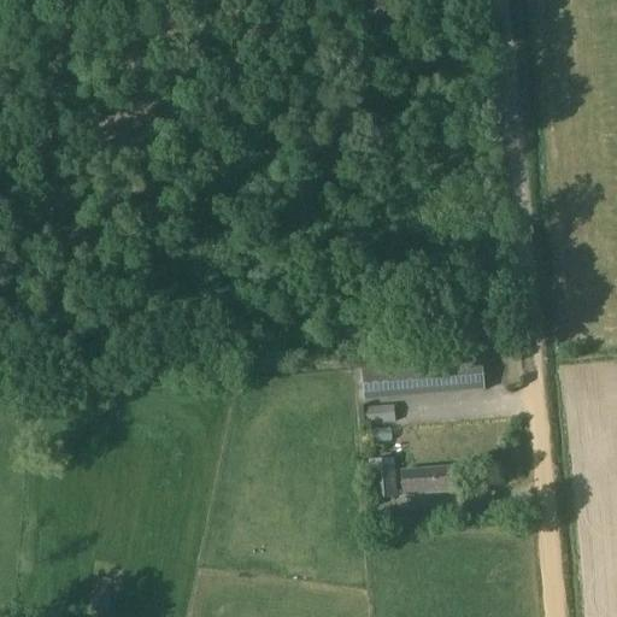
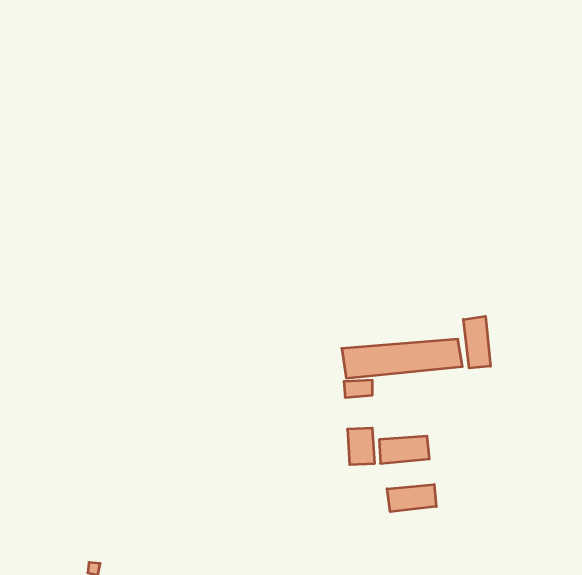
building: none -> [463,316,490,368]
building: none -> [387,484,436,512]

